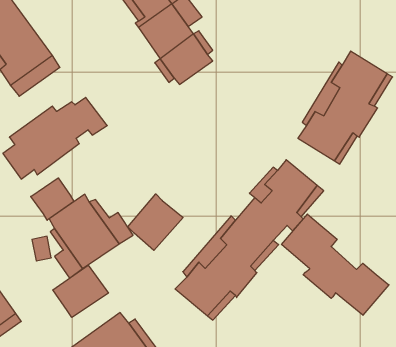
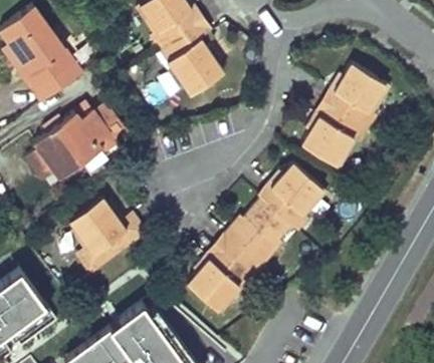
building: [31,178,74,220] -> none
building: [128,194,183,250] -> none
building: [282,214,389,315] -> none
building: [53,265,108,317] -> none

